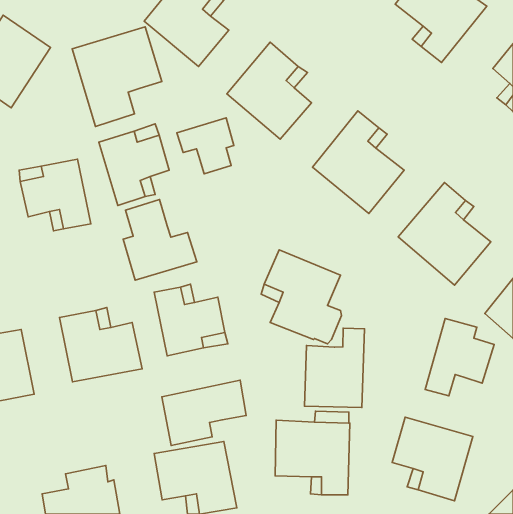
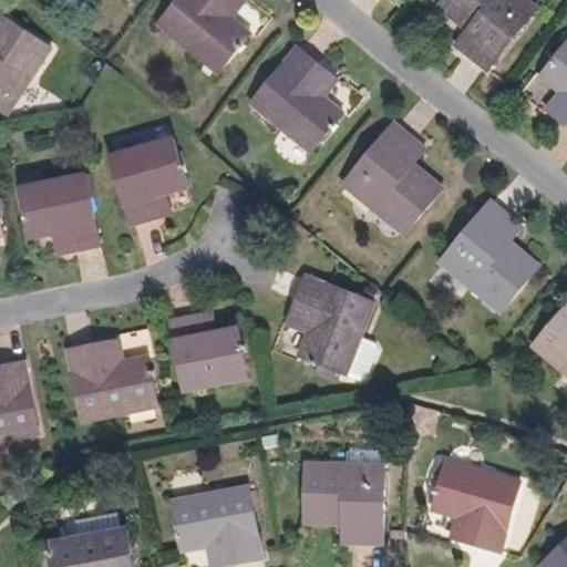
building: [72,27,162,127] -> none
building: [177,118,234,174] -> none
building: [123,200,197,280] -> none
building: [425,319,494,396] -> none
building: [305,328,364,407] -> none
building: [162,380,246,445] -> none

